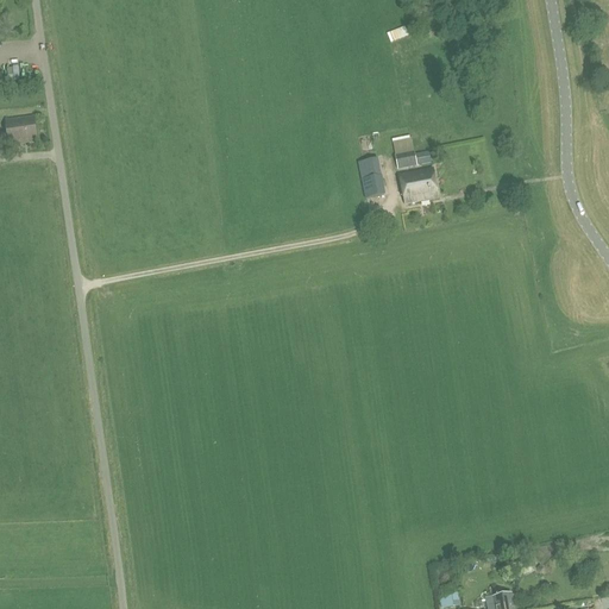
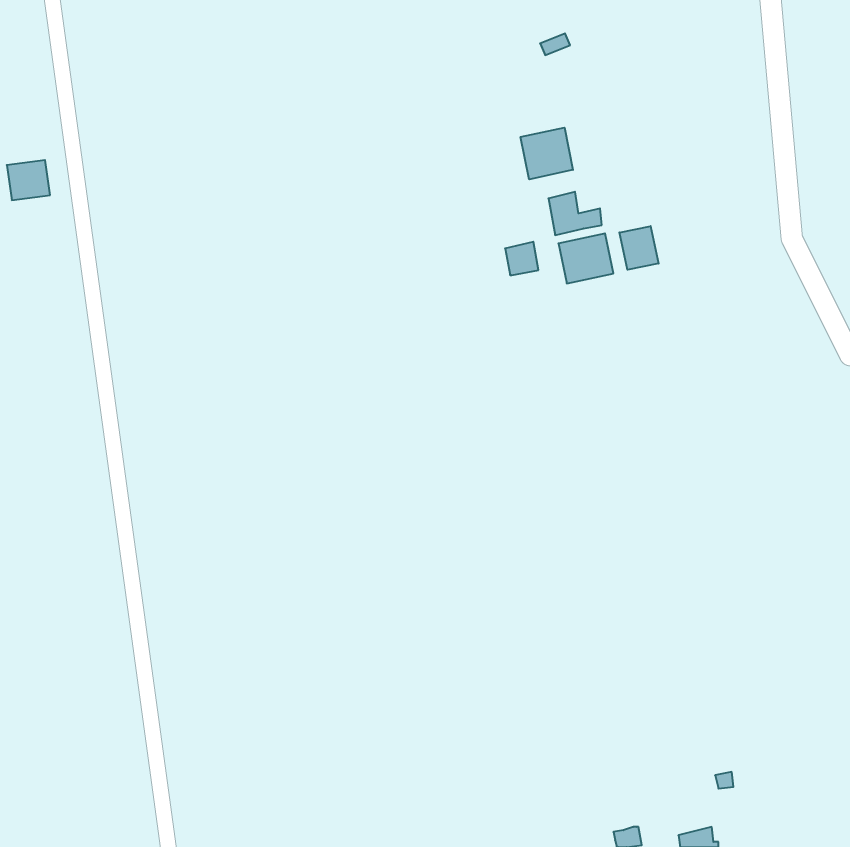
building: none -> [521,128,573,179]
building: none -> [619,226,659,270]

